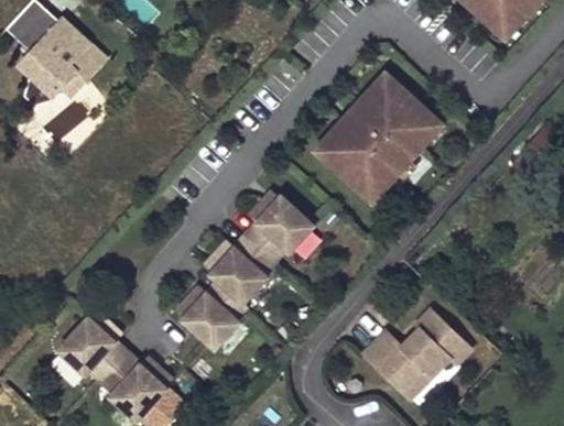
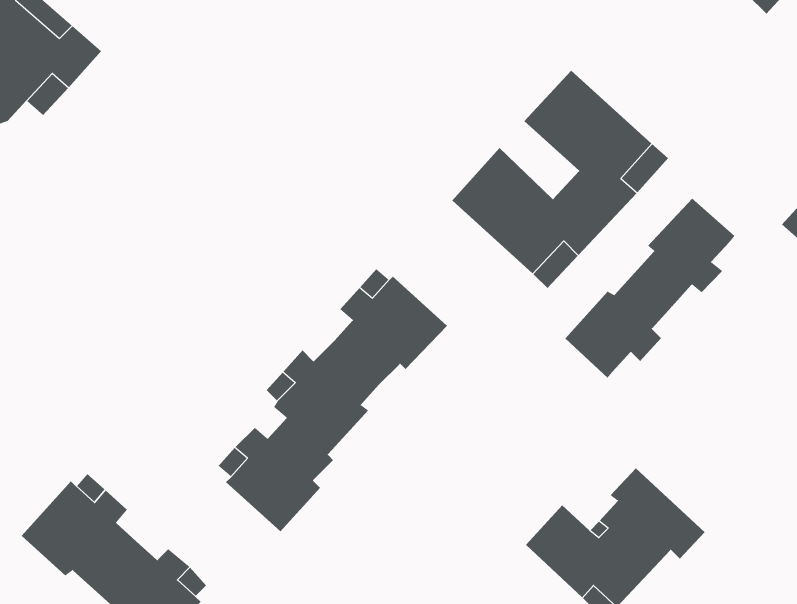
building: [345,101,392,148] -> none
building: none -> [564,198,735,378]

